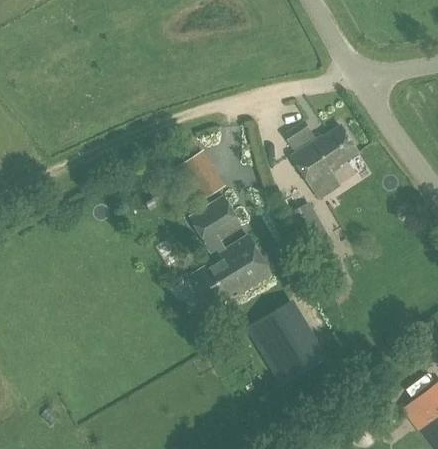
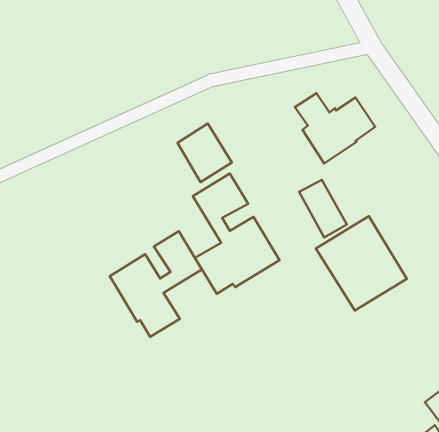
building: none -> [110,231,202,337]
building: [246,298,330,385] -> [316,216,407,310]

